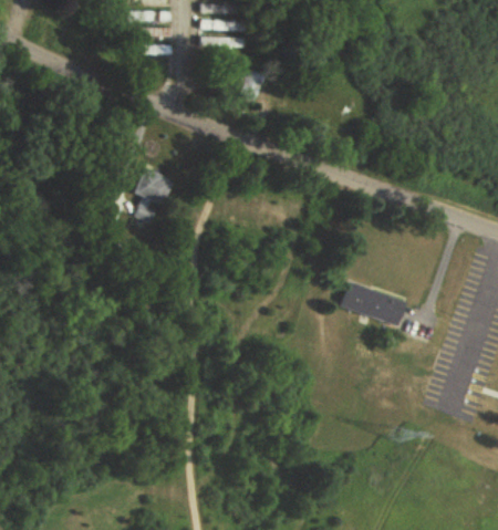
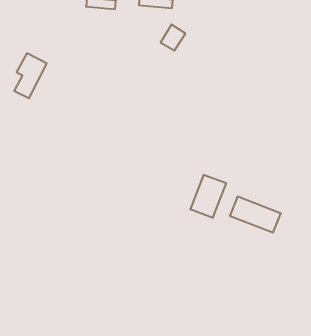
building: [135,167,174,225] -> [14,53,47,98]
building: none -> [190,175,226,218]

